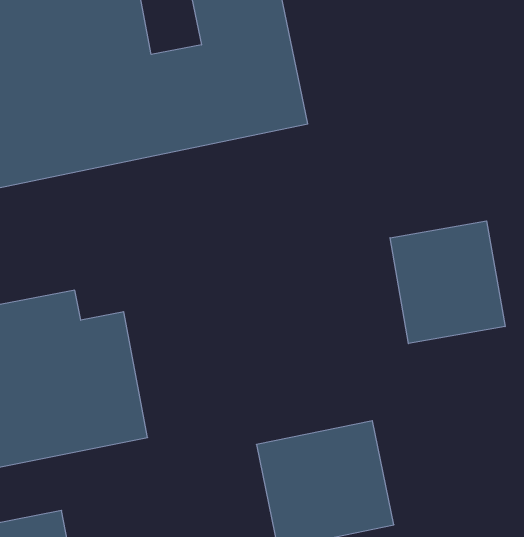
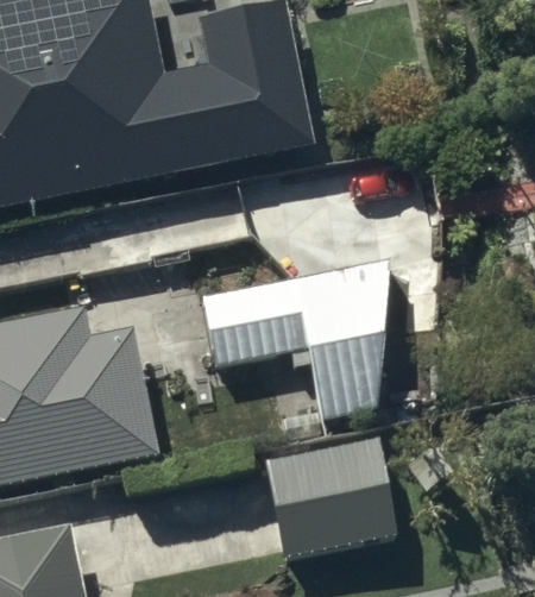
building: [390,221,505,344] -> none
building: none -> [203,258,389,415]

